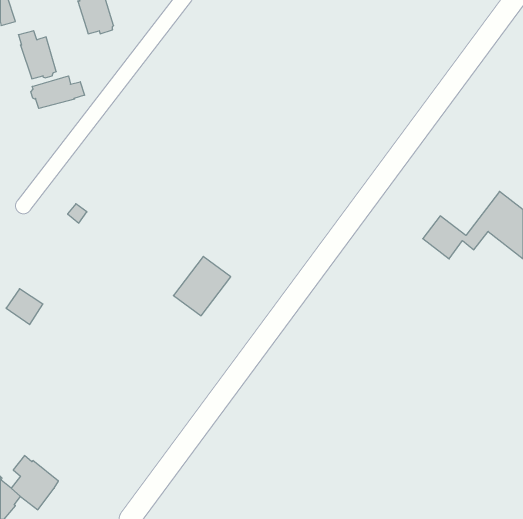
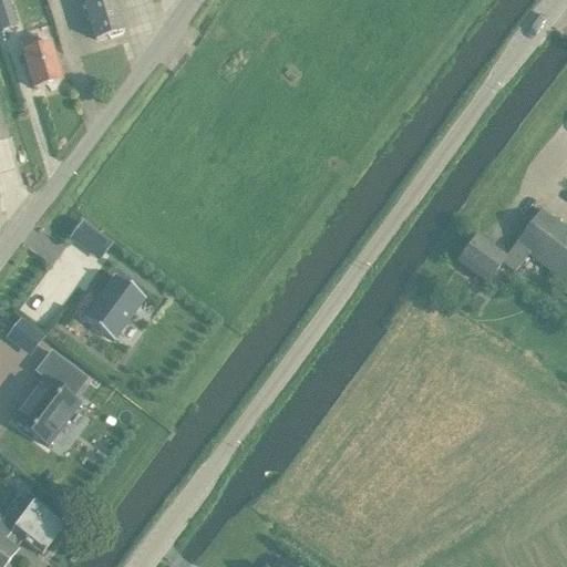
building: [31,76,85,108] -> none
building: [173,256,231,316] -> [83,274,145,338]
building: none -> [13,350,85,444]

